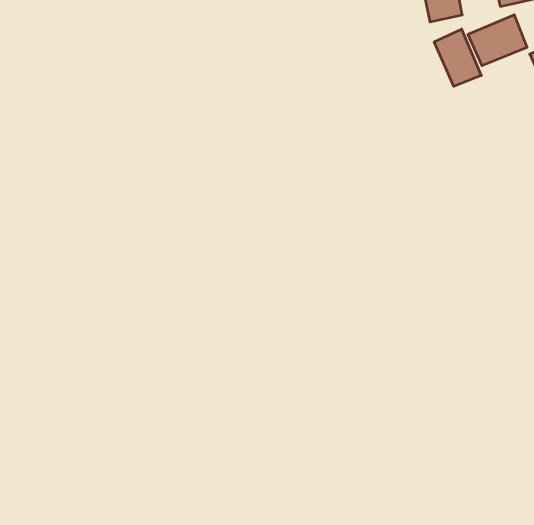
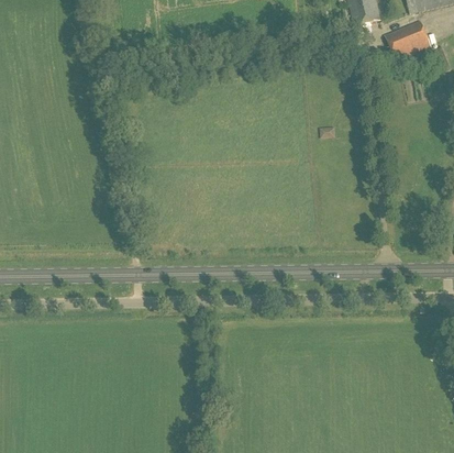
building: [434,29,481,86] -> none

